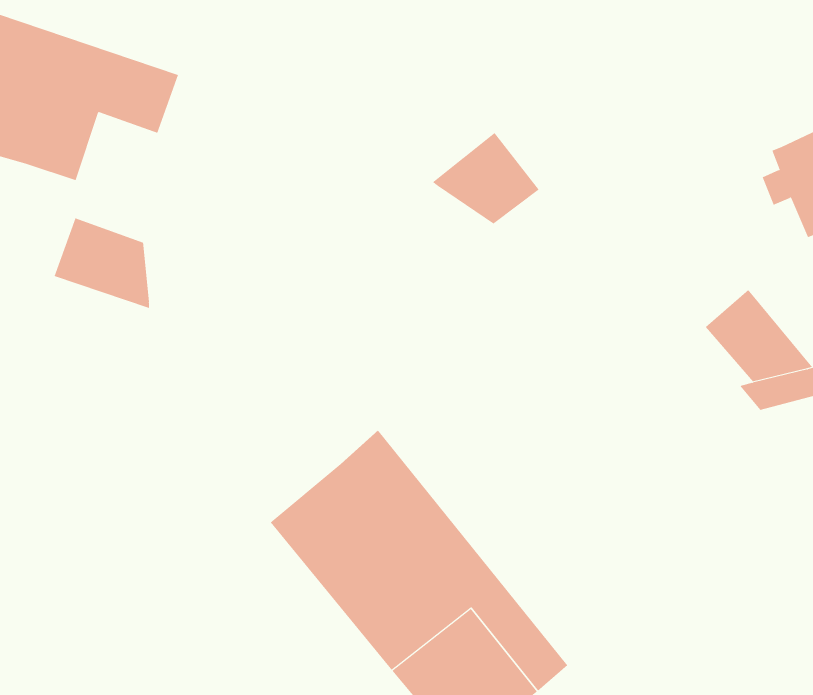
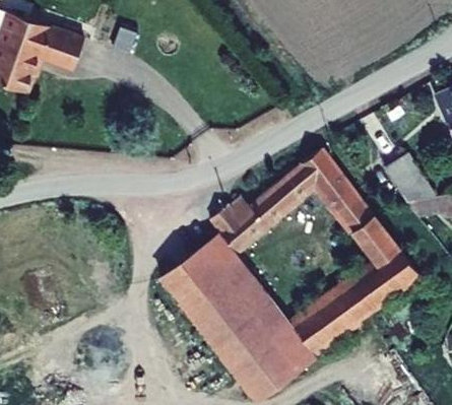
building: [432,132,540,225] -> none
building: [54,218,150,309] -> none
building: none -> [206,146,417,356]

